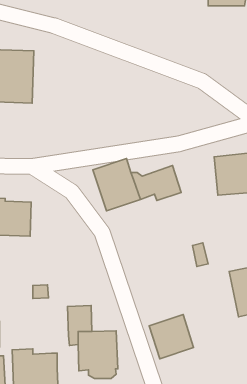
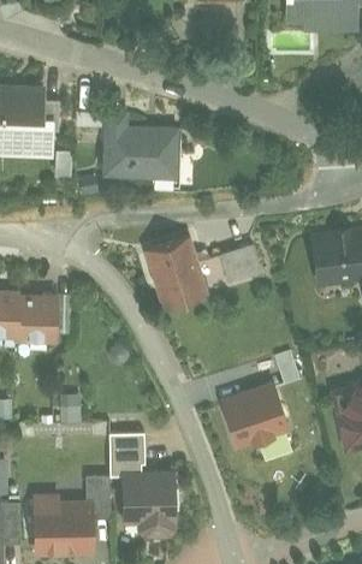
building: none -> [112,112,188,179]
building: [149,315,194,359] -> [221,381,283,443]
building: none -> [85,479,111,523]

